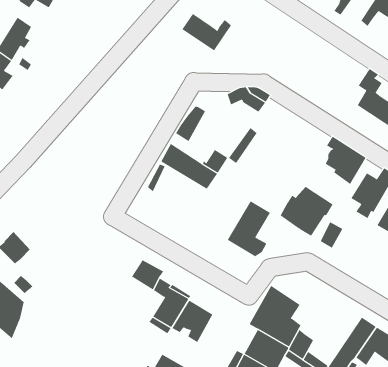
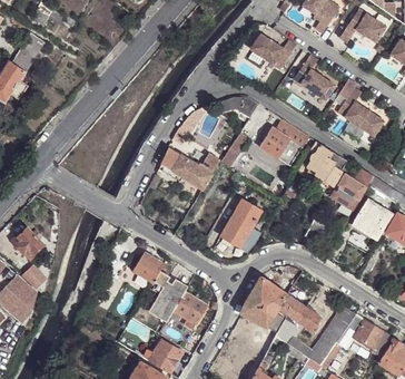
building: [181,13,232,51] -> [250,35,296,69]
building: none -> [295,55,336,100]
building: [280,186,334,236] -> [260,119,309,165]
building: none -> [279,294,323,332]

